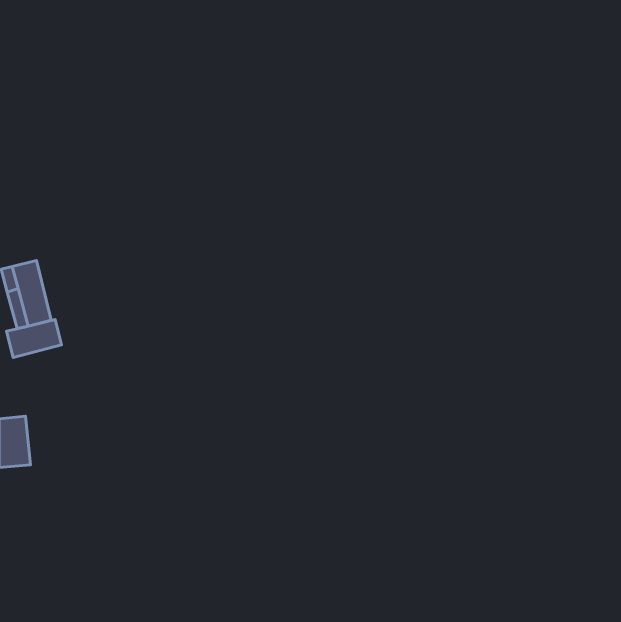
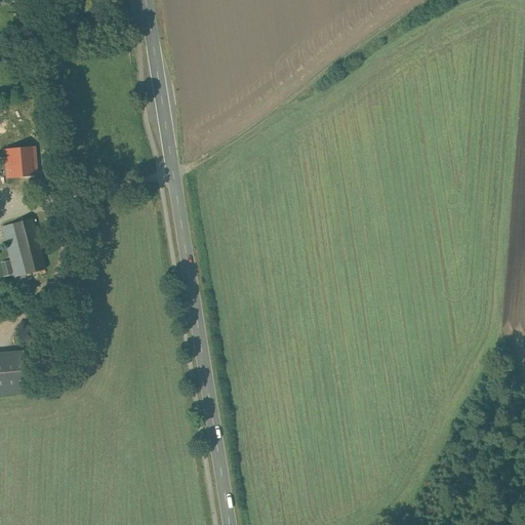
building: none -> [5,147,34,176]
building: [6,320,61,358] -> none

